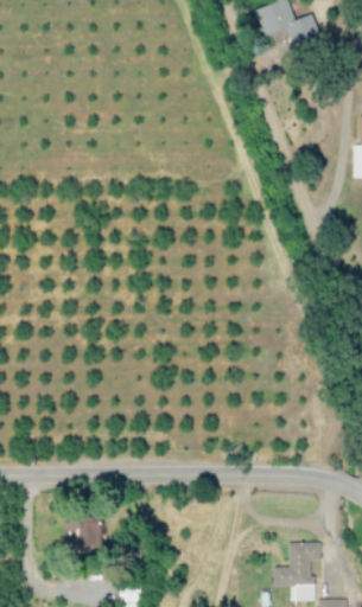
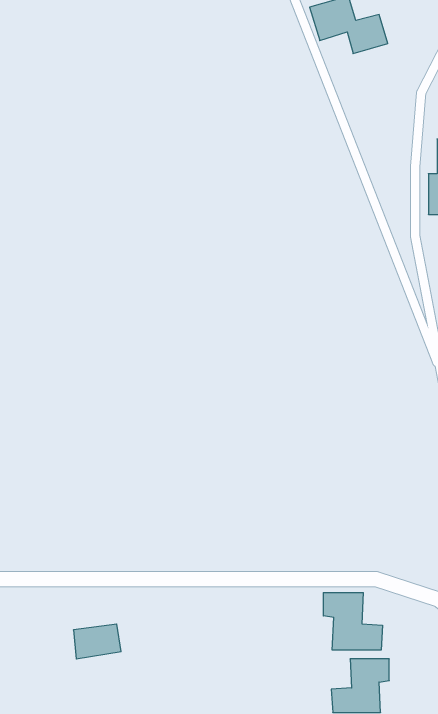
building: none -> [323,593,382,650]

